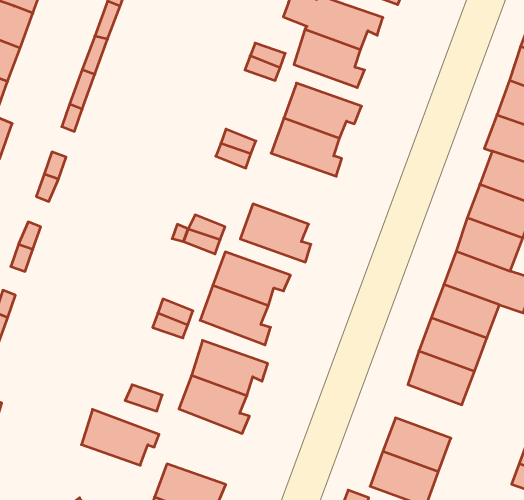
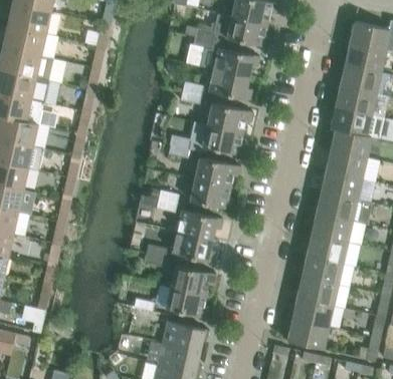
building: none -> [195,157,241,187]
building: none -> [298,277,337,306]
building: [81,409,159,465] -> [163,321,209,351]

